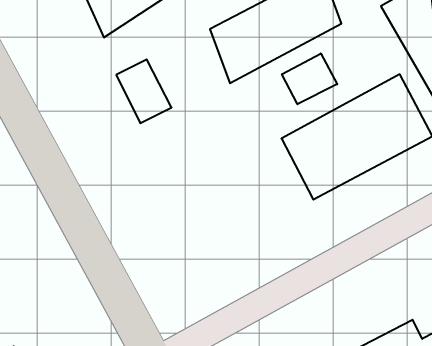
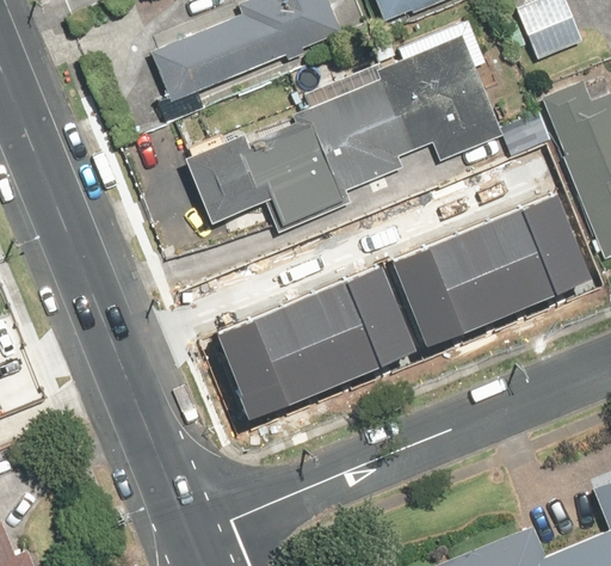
building: none -> [246,124,334,216]
building: [282,53,337,104] -> none
building: none -> [217,267,414,417]

